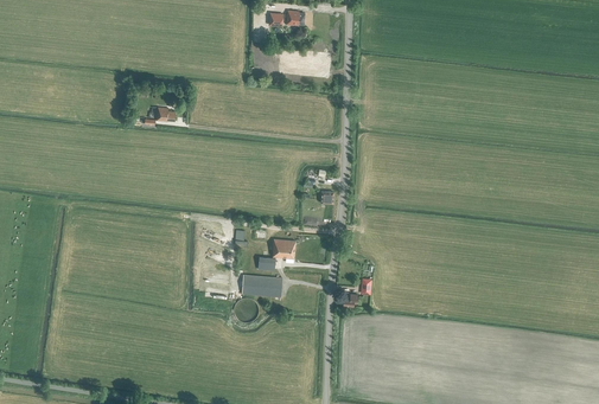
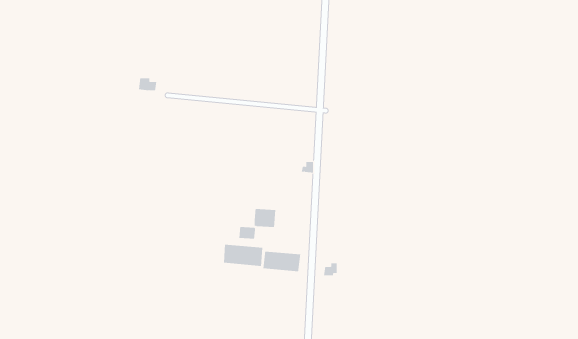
building: none -> [263,251,301,272]

